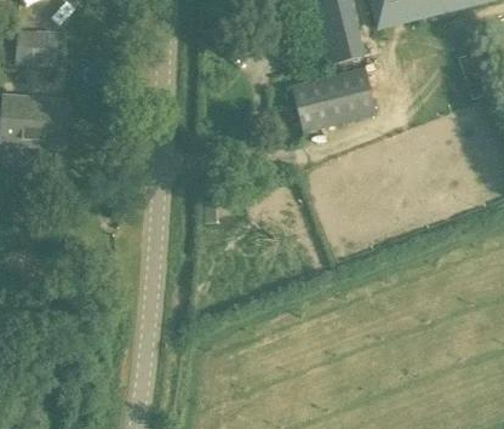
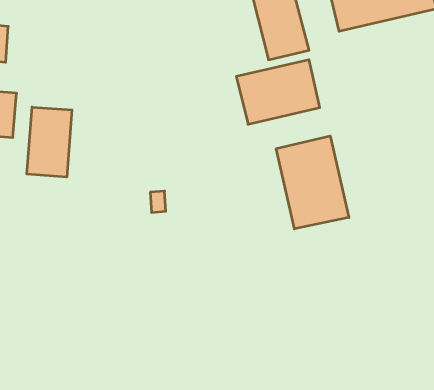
building: none -> [27,107,72,177]
building: none -> [276,136,349,229]

